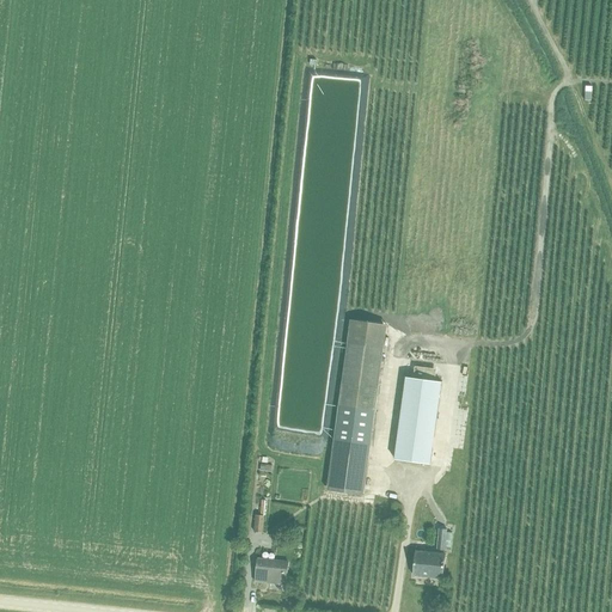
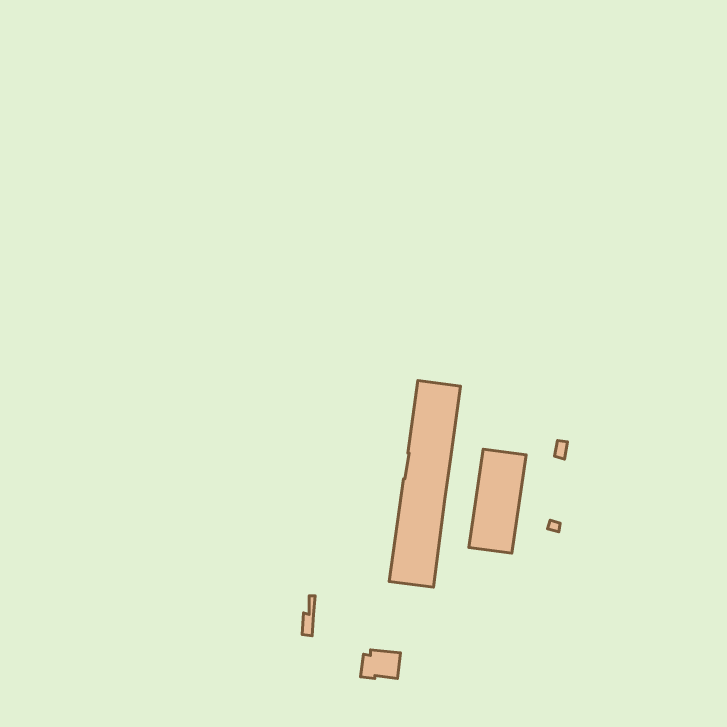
building: [410,527,445,577] -> none
building: [252,558,286,582] -> [361,650,400,678]

